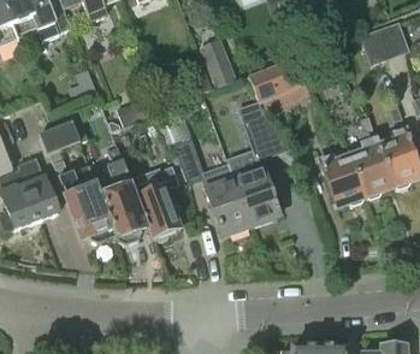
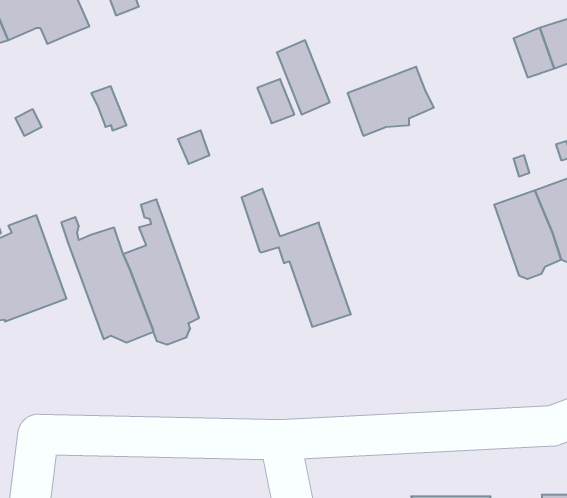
building: [230,111,294,223] -> none
building: [40,119,82,153] -> none
building: [319,148,366,207] -> none
building: [135,177,181,238] -> none

